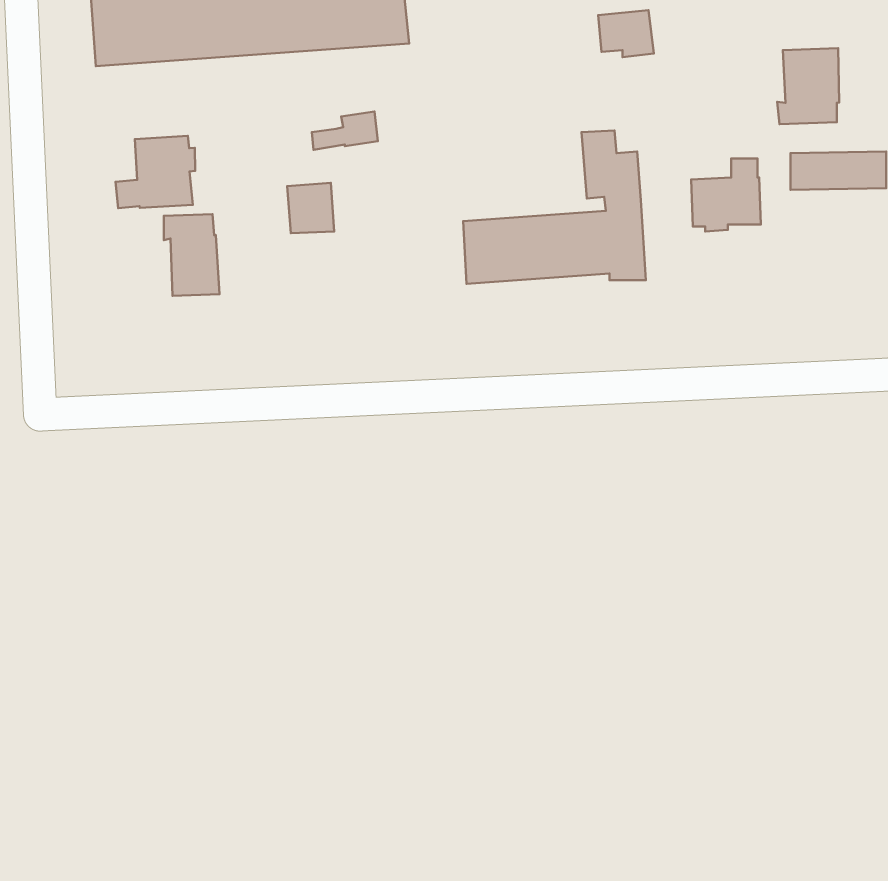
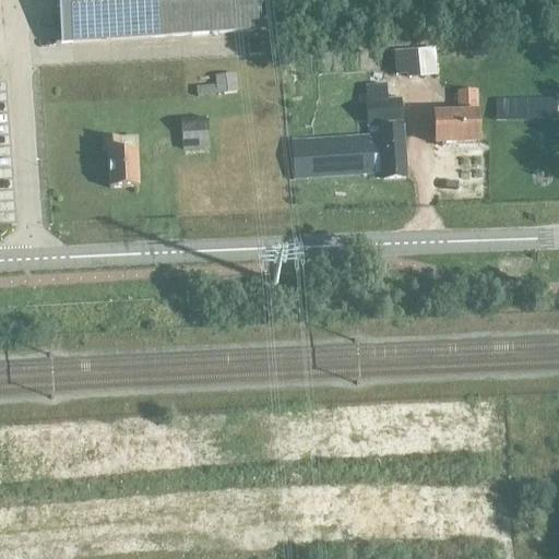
building: [598,10,654,57] -> [394,46,429,75]
building: [777,48,839,124] -> none
building: [116,136,195,208] -> none

